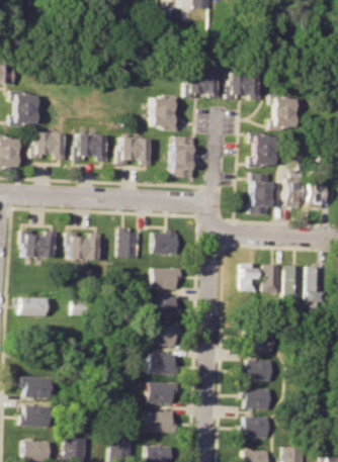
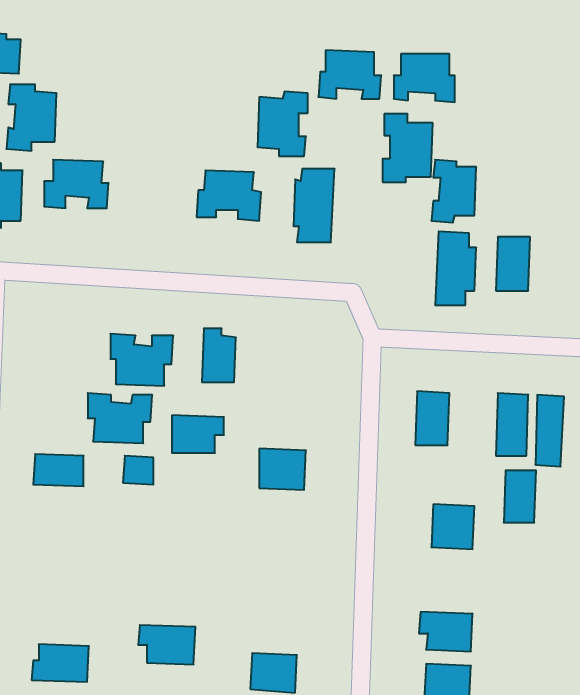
building: [271,93,300,131] -> [383,114,433,182]
building: [73,134,109,163] -> none
building: [309,174,326,206] -> none
building: [154,228,179,254] -> none
building: [23,229,60,258] -> [88,393,152,443]
building: [263,264,281,293] -> [504,470,536,523]
building: [154,268,183,289] -> [172,415,224,453]
building: [150,325,176,346] -> none
building: [149,353,175,374] -> none
building: [247,360,273,381] -> none
building: [24,376,57,398] -> [138,625,195,664]
building: [148,382,174,404] -> none

